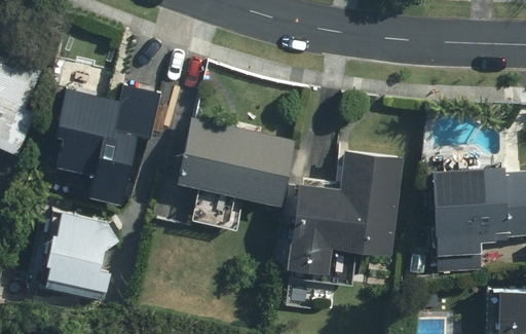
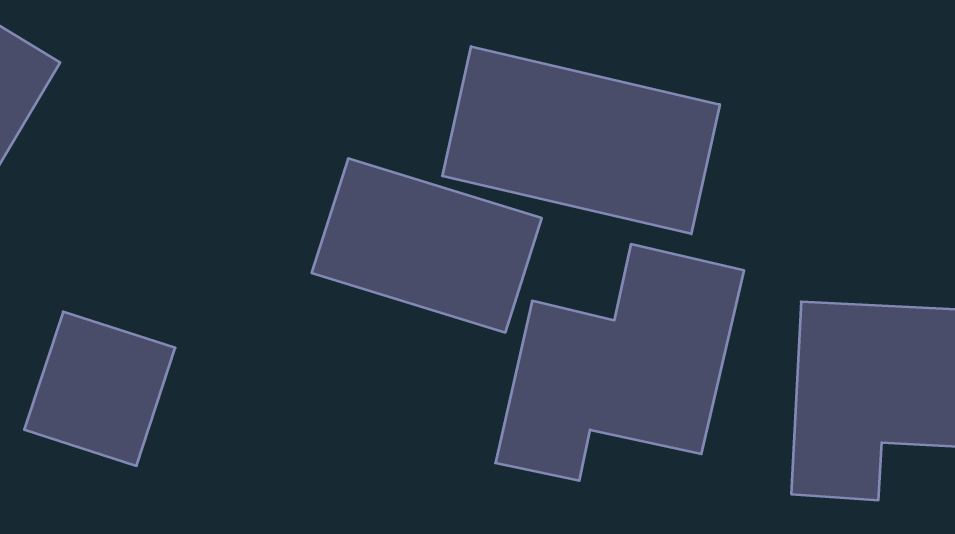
building: none -> [442,46,720,234]
building: [52,90,164,206] -> none

